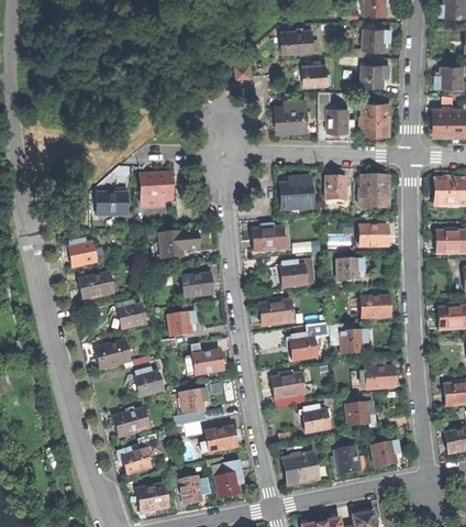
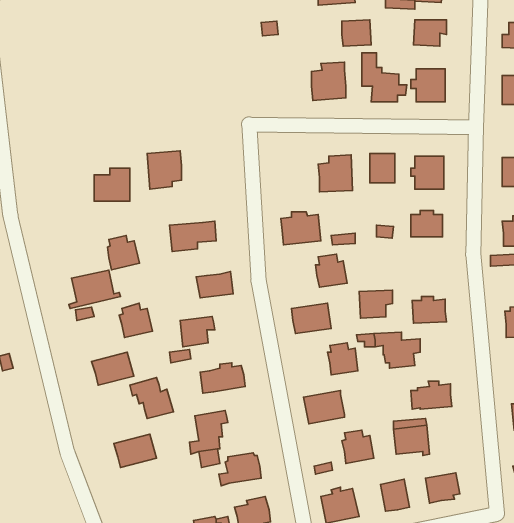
building: [69,239,96,267] -> [108,235,139,270]
building: [336,259,364,282] -> [359,290,392,318]
building: [117,433,162,474] -> none

